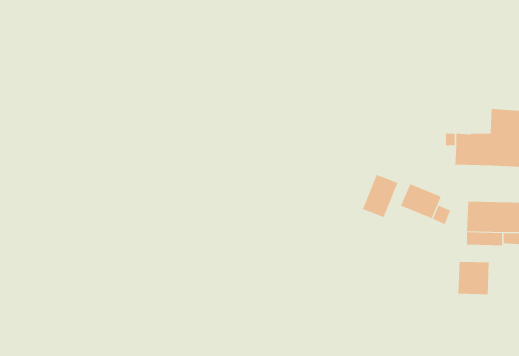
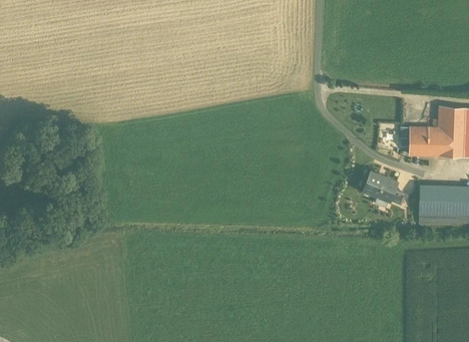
building: [362,174,398,218] -> none
building: [458,261,489,295] -> none

